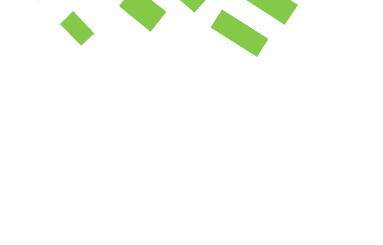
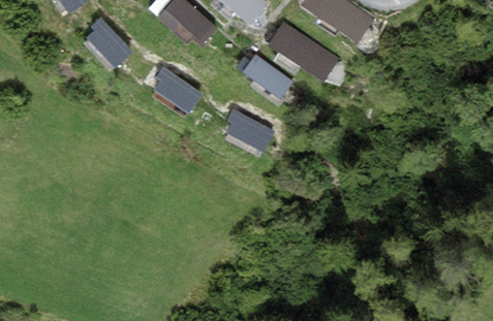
building: none -> [243,54,292,98]
building: none -> [154,70,199,113]
building: none -> [227,113,274,150]

